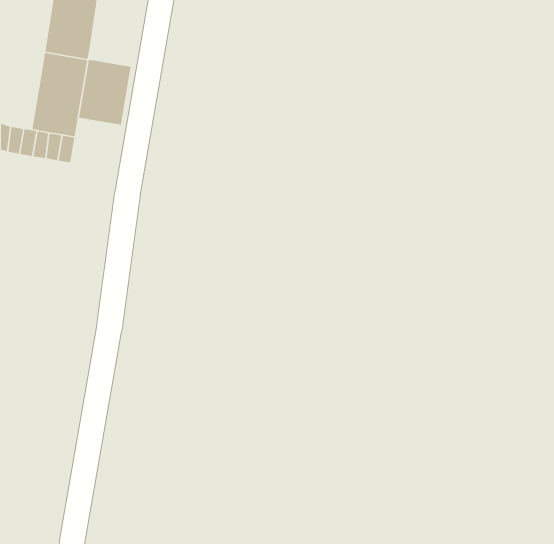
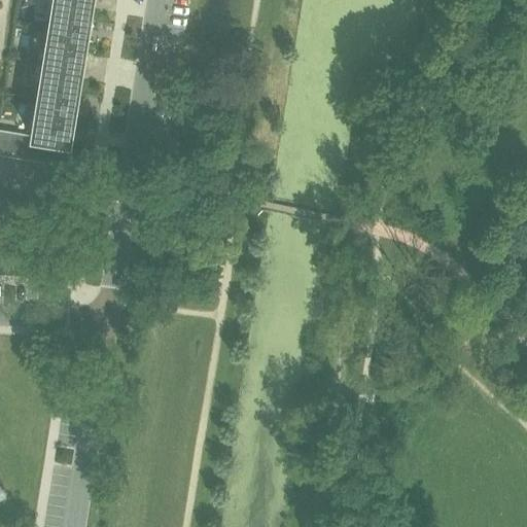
building: [78,59,131,125] -> none

